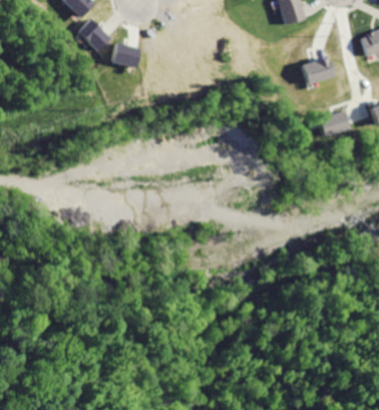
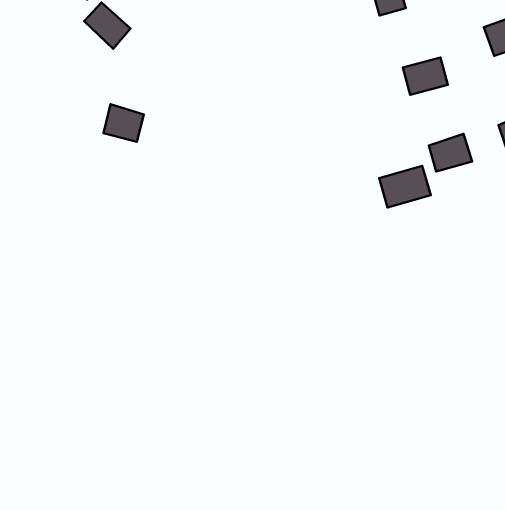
building: [114,42,142,68] -> [103,104,144,142]
building: none -> [379,166,431,207]

